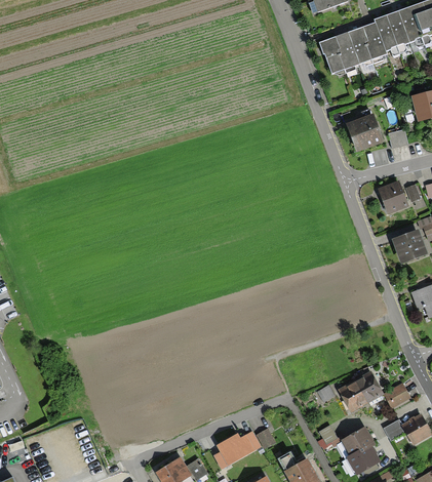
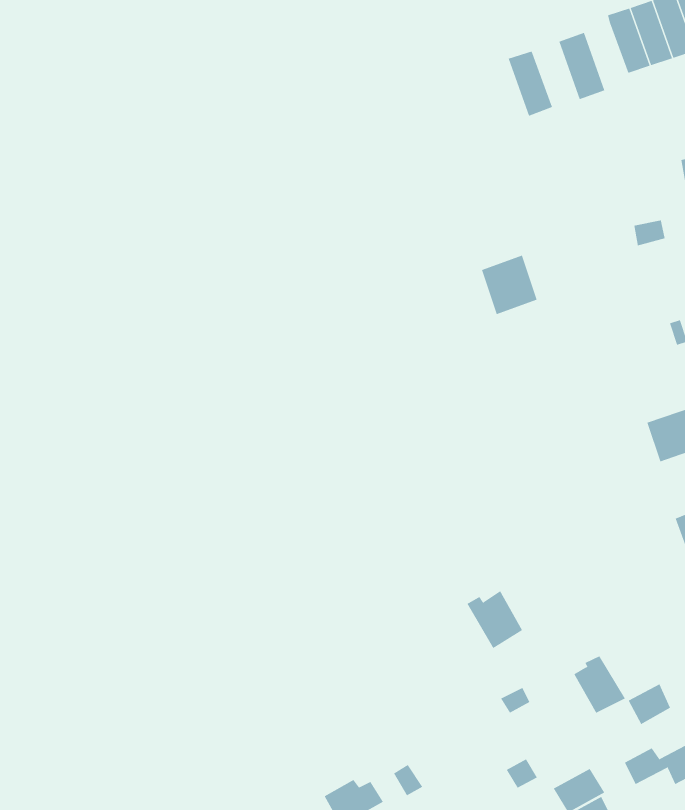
building: [361,23,386,59] -> none
building: [332,33,358,69] -> none
building: [349,117,380,150] -> [481,255,538,315]
building: [380,182,407,211] -> none
building: [337,378,367,410] -> [467,591,523,649]

